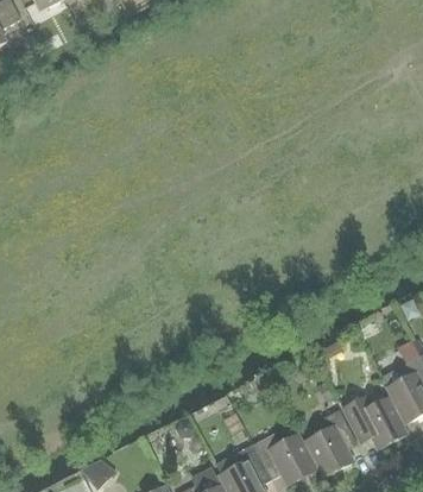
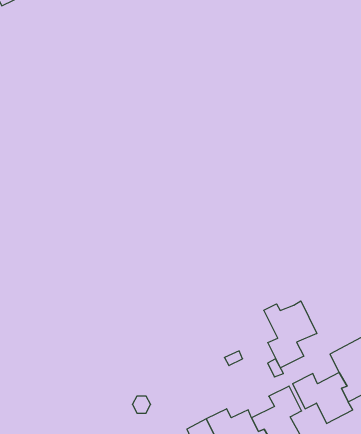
building: none -> [264,301,317,368]

